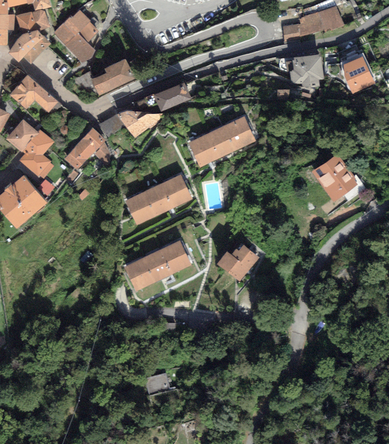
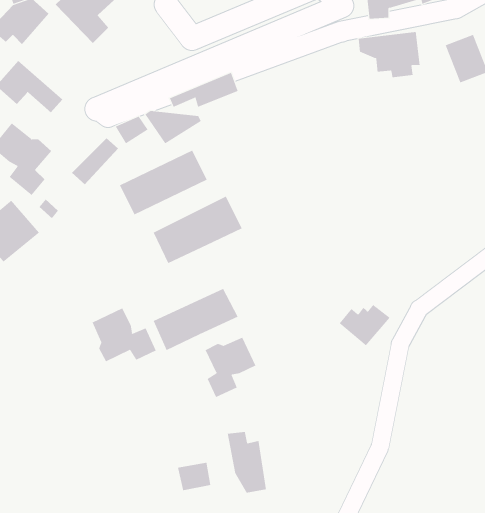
building: [92,57,134,93] -> none
building: [189,117,254,165] -> [119,150,208,215]
building: [314,155,356,198] -> none
building: [218,247,256,278] -> [339,304,390,346]
building: none -> [92,307,157,362]
building: none -> [205,337,256,398]
building: none -> [227,431,267,493]

